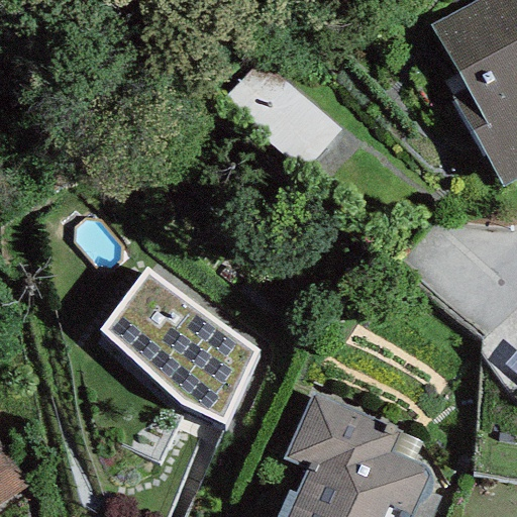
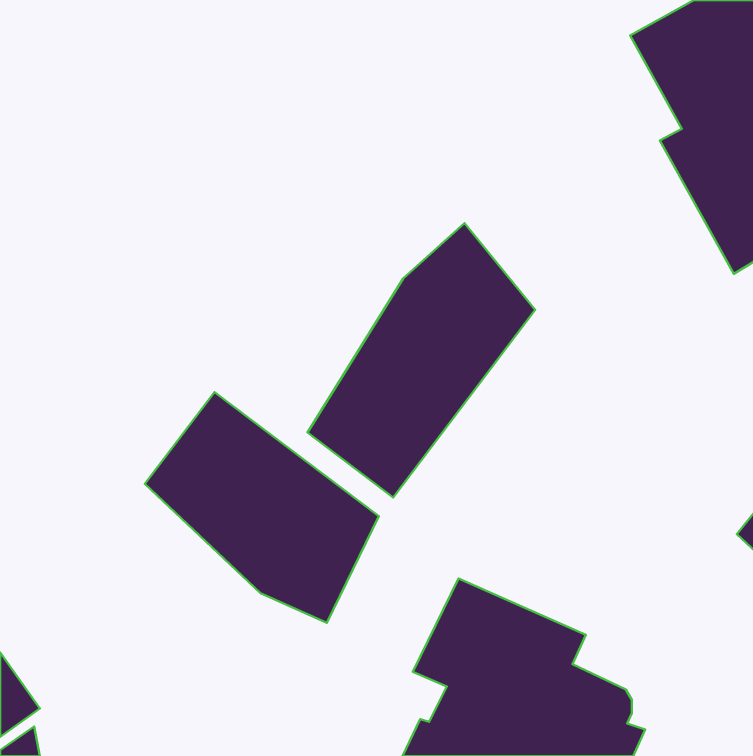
building: none -> [307,223,535,497]

